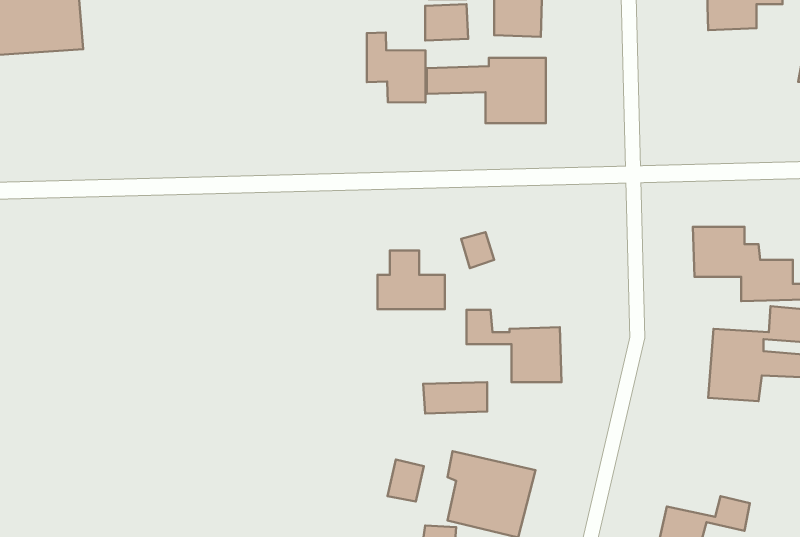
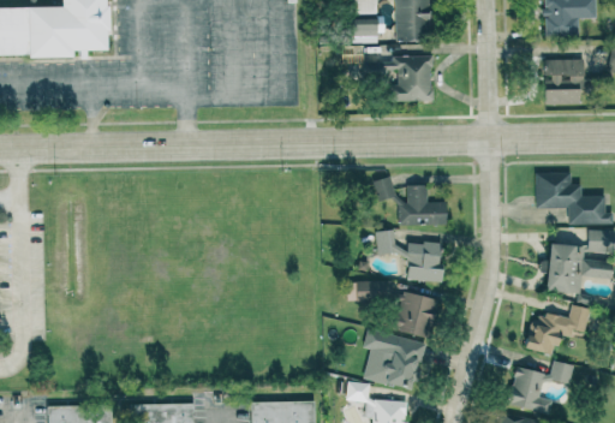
building: [367,32,426,102] -> none
building: none -> [544,59,583,106]
building: [378,251,445,309] -> [399,185,446,226]
building: none -> [392,290,437,339]
building: none -> [526,305,591,356]
building: [387,460,424,501] -> none

